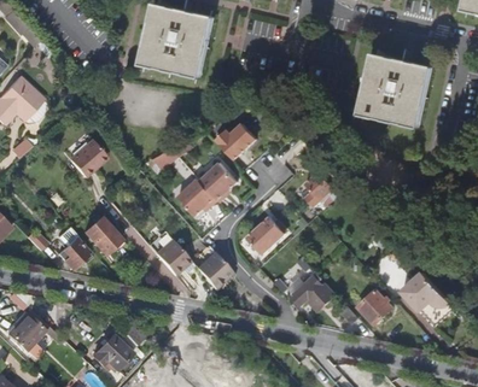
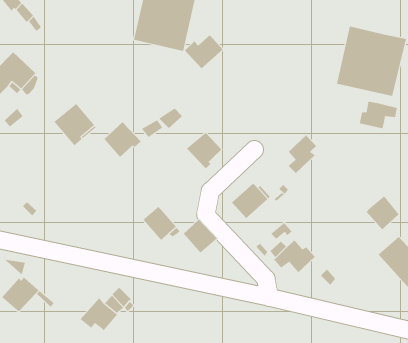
building: [215,123,256,159] -> [184,34,224,69]
building: none -> [359,101,398,129]
building: [177,178,217,217] -> [104,121,142,158]
building: [81,218,119,256] -> none
building: [54,229,87,270] -> none
building: [358,289,394,326] -> [366,196,399,230]

